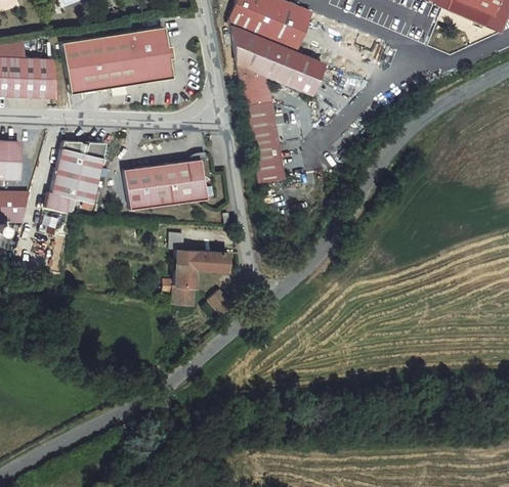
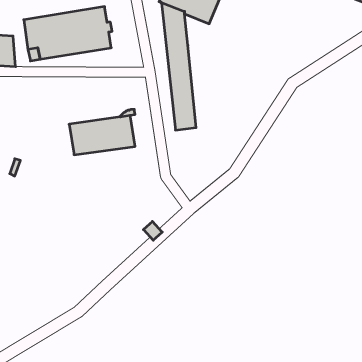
building: [266,38,326,93] -> none
building: [44,141,102,213] -> none
building: [167,235,232,309] -> none

